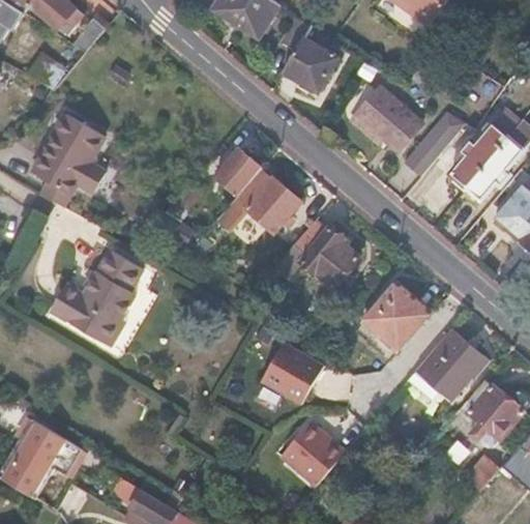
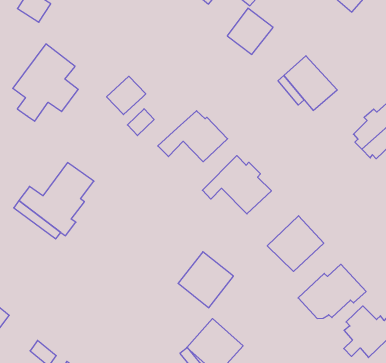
building: [404,115,466,178] -> none
building: [213,147,260,194] -> [107,76,146,115]

